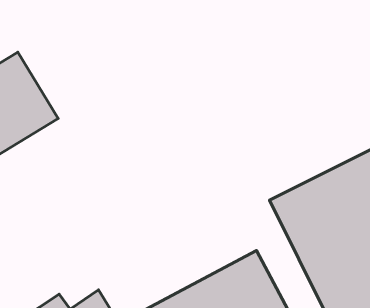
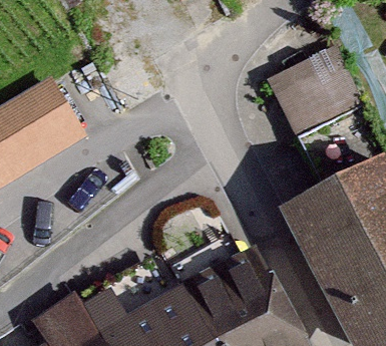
building: none -> [264,42,360,135]

